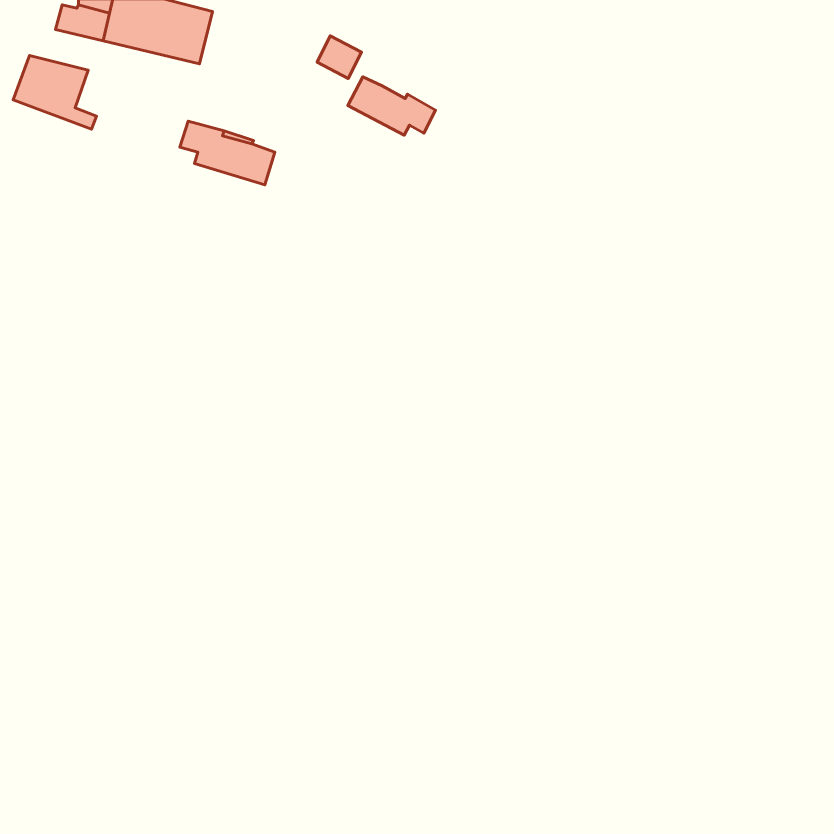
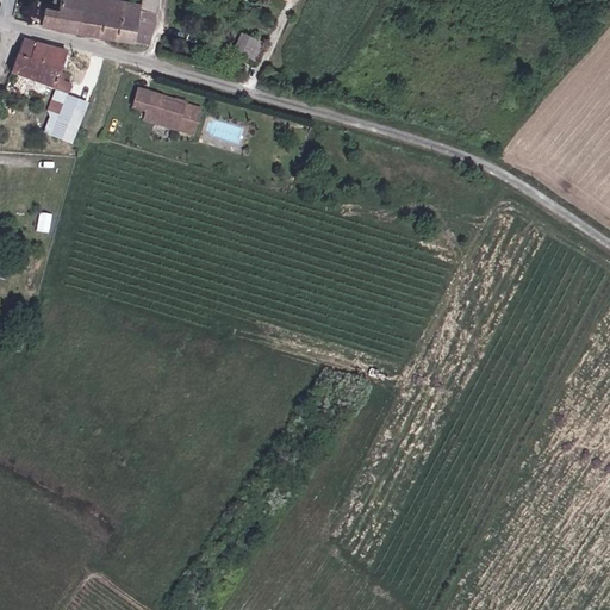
building: [348,77,436,135] -> none
building: none -> [48,95,88,143]

